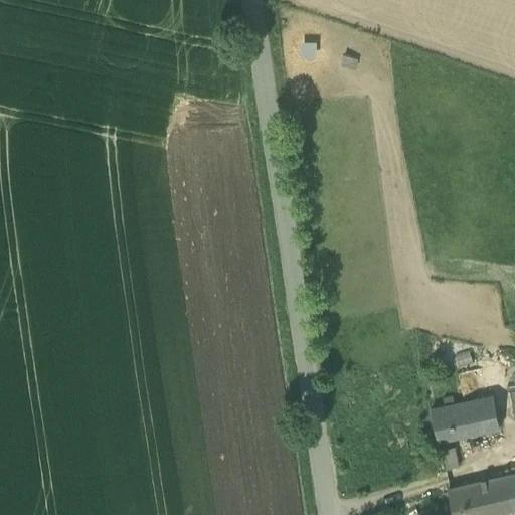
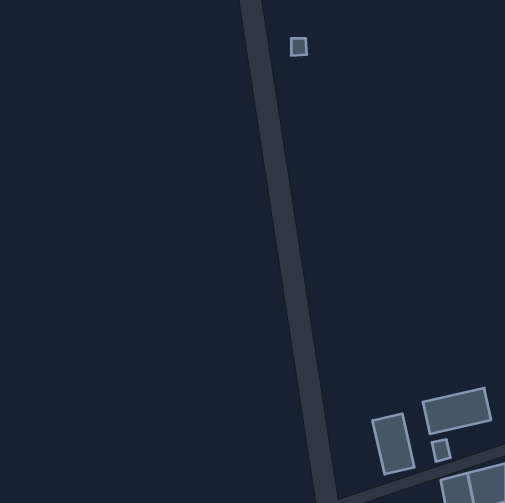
building: none -> [373,414,414,474]

